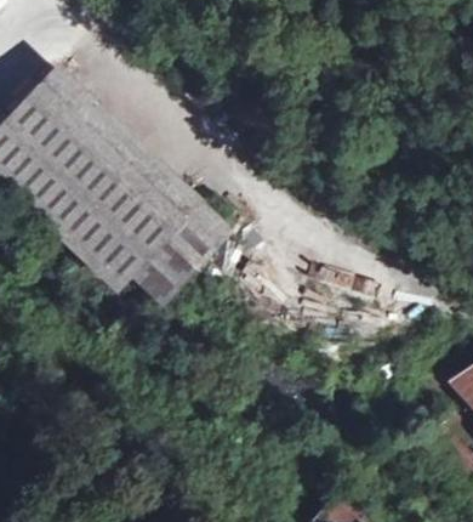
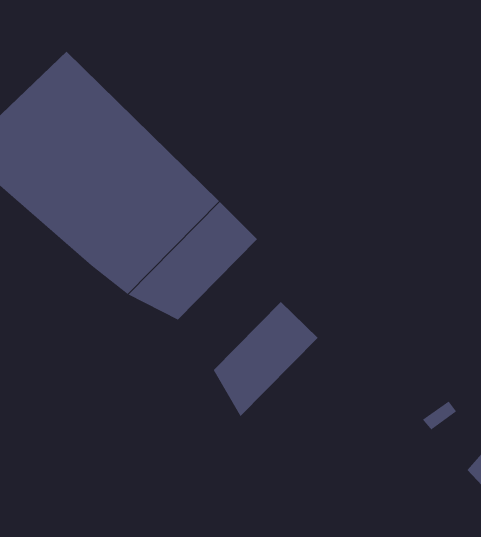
building: none -> [213,301,318,417]

